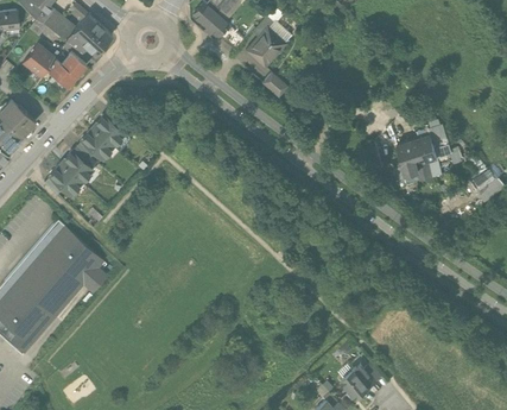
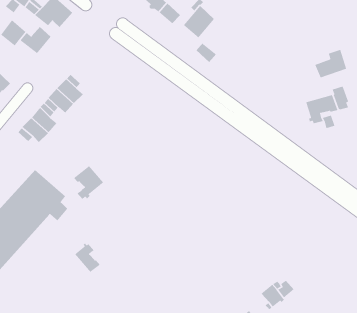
building: none -> [314,49,347,79]
building: none -> [73,165,104,200]
building: none -> [74,243,101,273]

